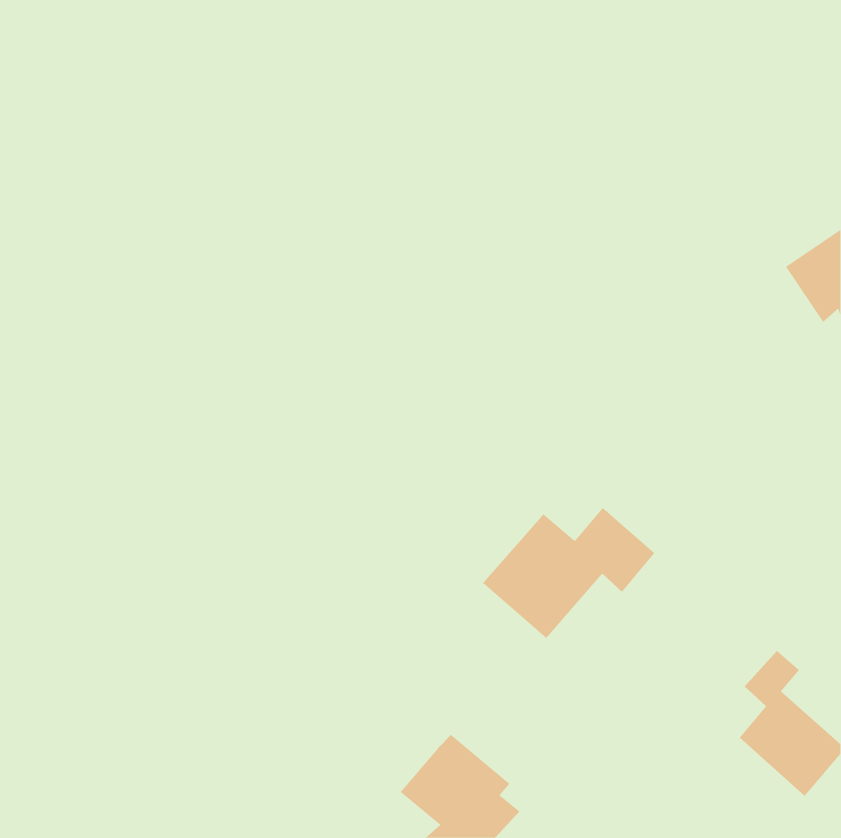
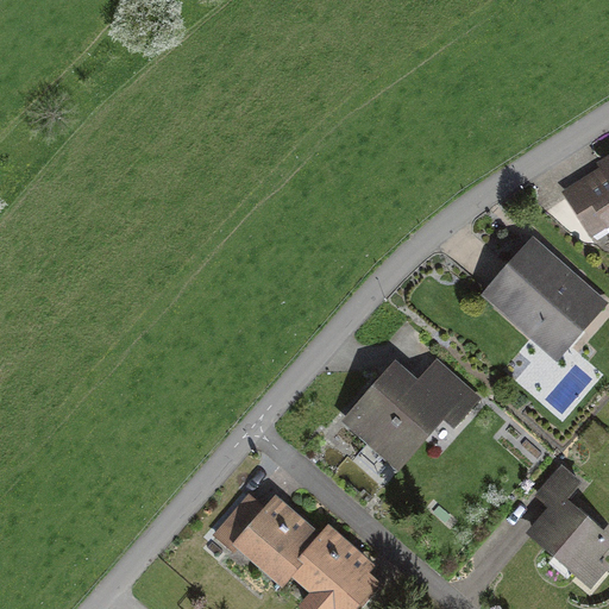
building: none -> [494,249,597,350]
building: none -> [214,498,316,582]

